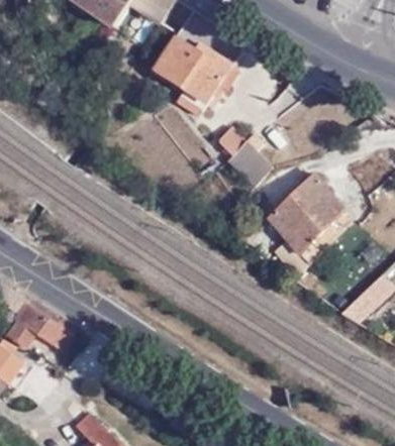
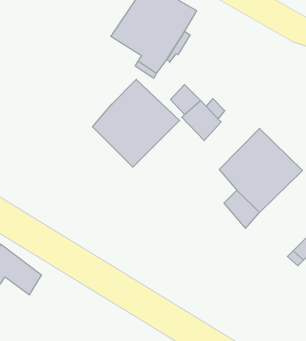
building: none -> [93,79,180,167]

